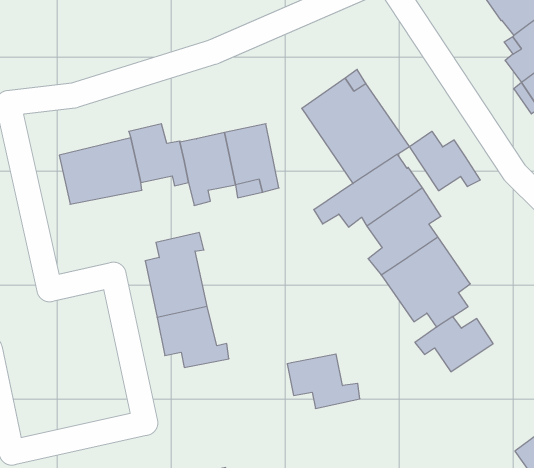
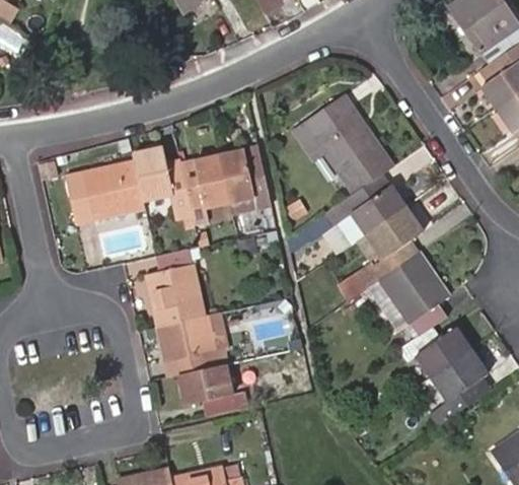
building: [409,131,480,191] -> none
building: none -> [429,350,488,425]
building: [287,354,360,408] -> [179,364,247,415]

